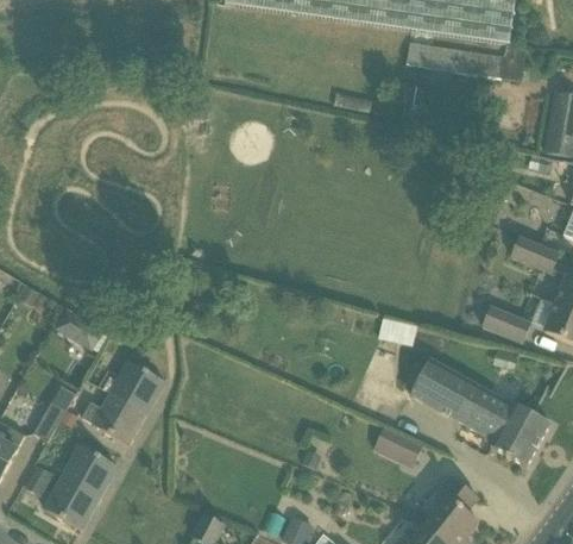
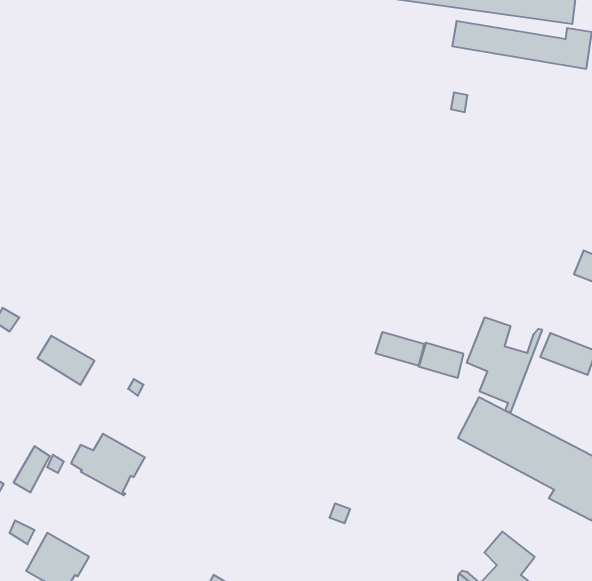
building: none -> [467,317,542,412]
building: none -> [376,332,424,366]
building: [111,361,165,412] -> none
building: [374,427,422,461] -> none
building: [63,445,117,496] -> none

